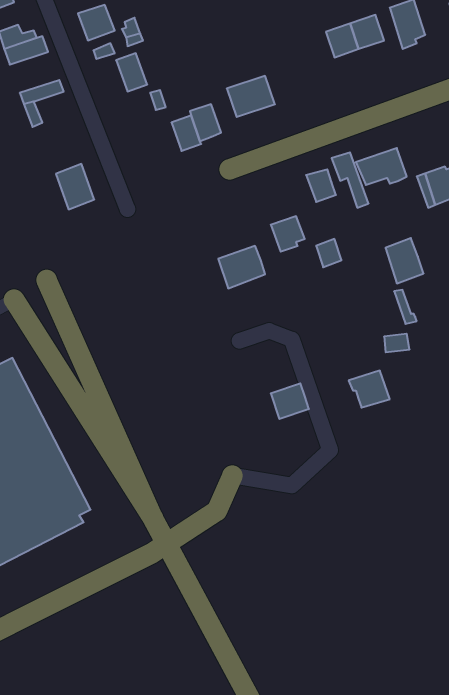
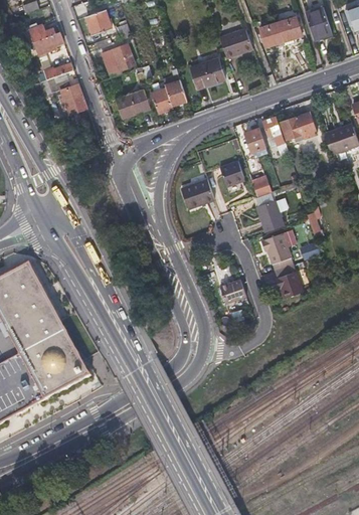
building: none -> [218,30,250,60]
building: none -> [115,91,148,118]
building: [56,164,94,209] -> [58,83,85,116]
building: [385,238,424,283] -> [257,199,285,231]
building: none -> [261,232,292,263]

